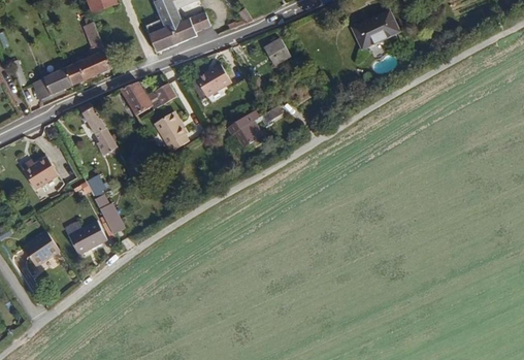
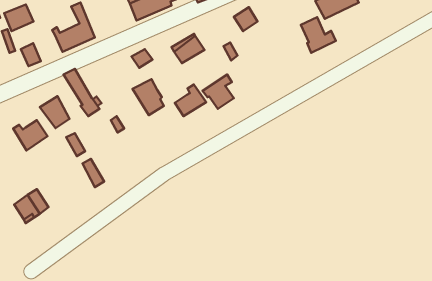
building: none -> [301,17,336,53]
building: [44,66,76,95] -> [4,5,33,31]
building: [119,80,151,113] -> none
building: none -> [175,85,206,116]
building: none -> [40,96,70,128]
building: [65,222,106,255] -> none

